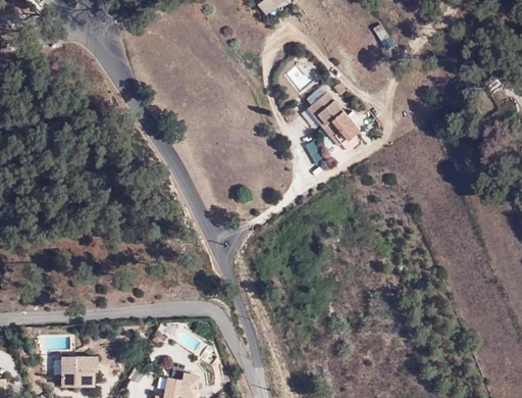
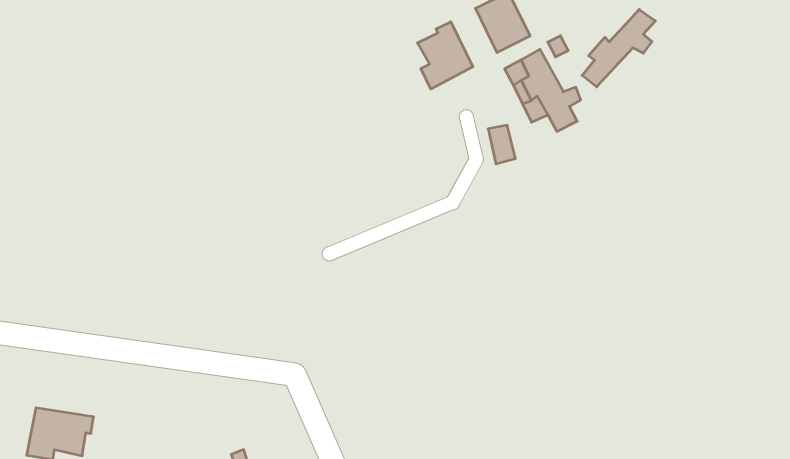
building: none -> [582,9,655,87]
building: none -> [417,22,473,89]

